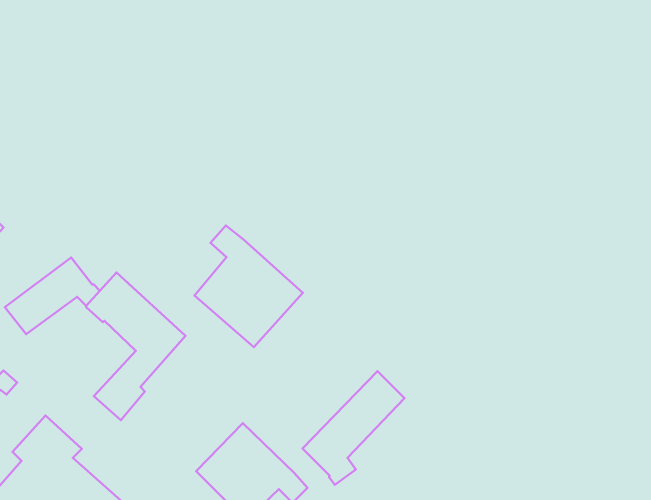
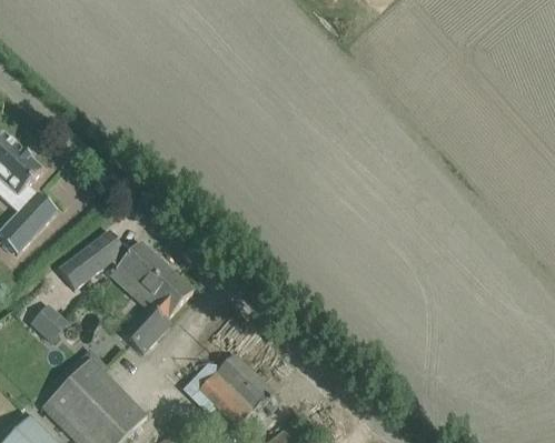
building: [195,225,303,347] -> none
building: [303,371,404,485] -> none

